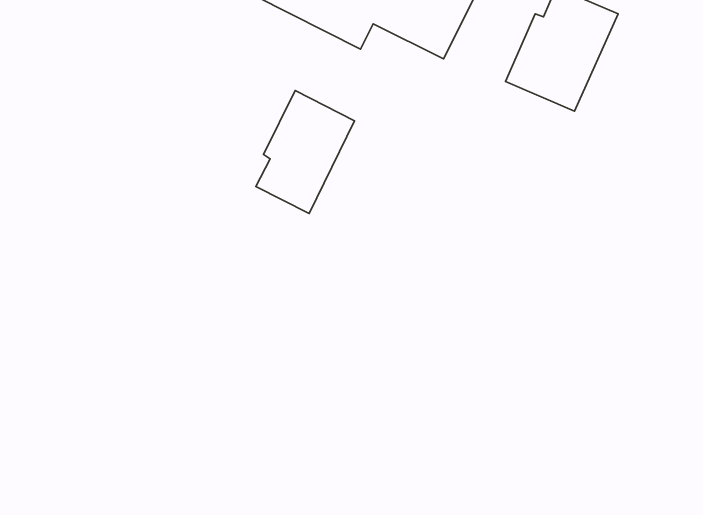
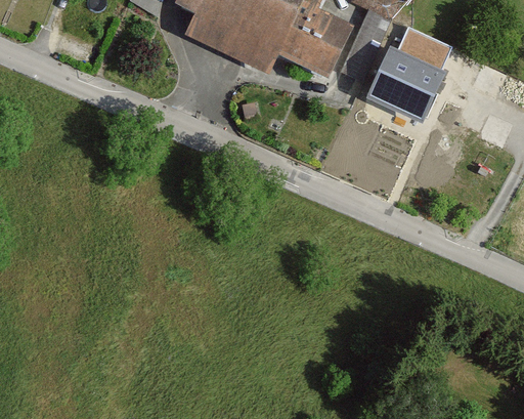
building: [256,91,355,213] -> none

